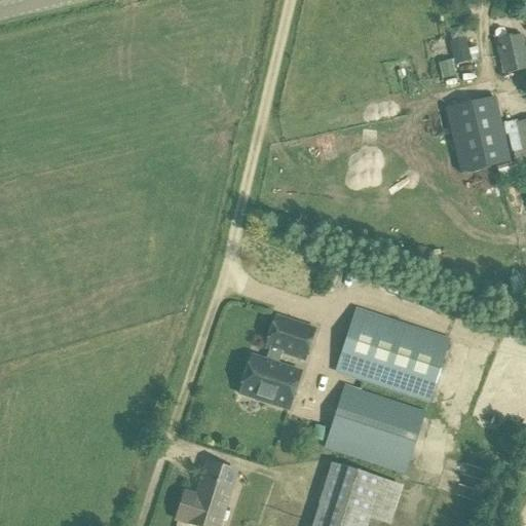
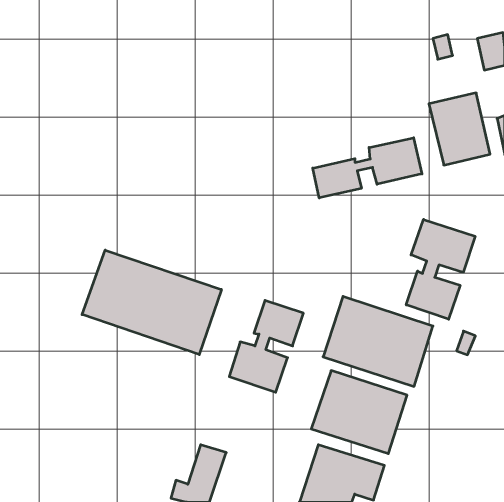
building: none -> [313,138,422,198]
building: none -> [406,219,475,319]
building: none -> [82,250,221,355]

